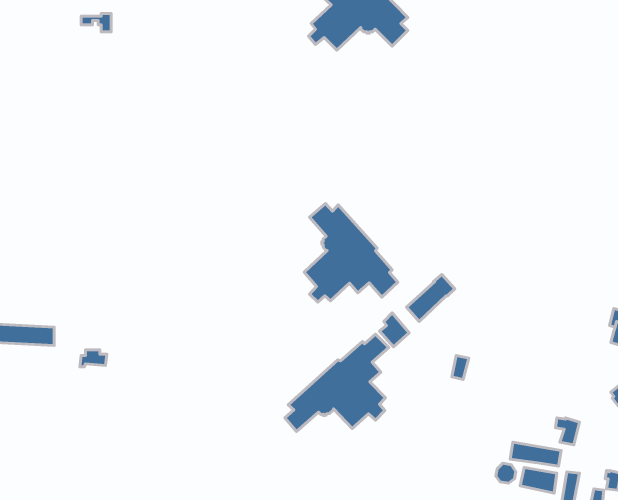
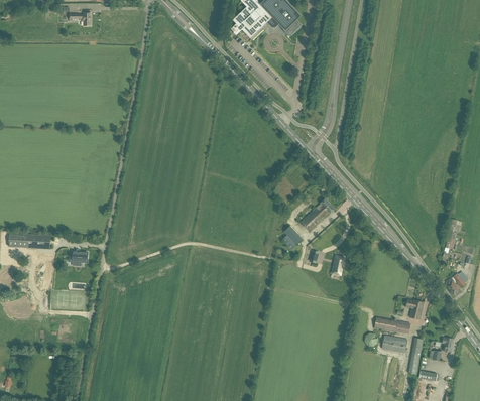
building: [304,203,398,302] -> none
building: [285,334,389,432] -> none

